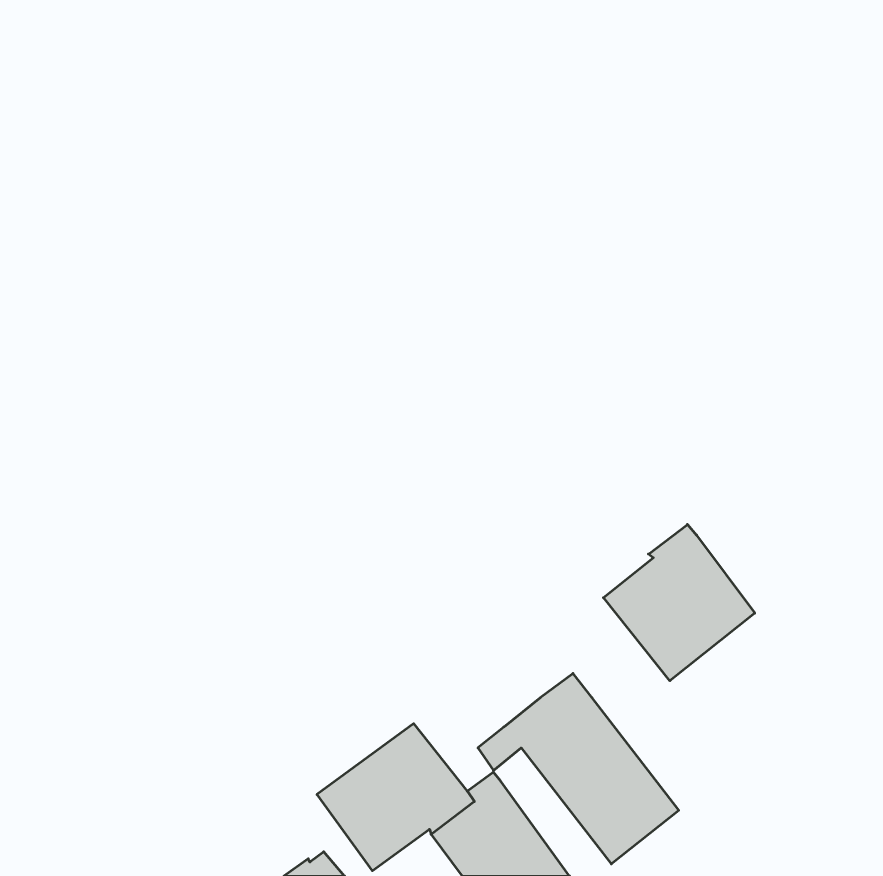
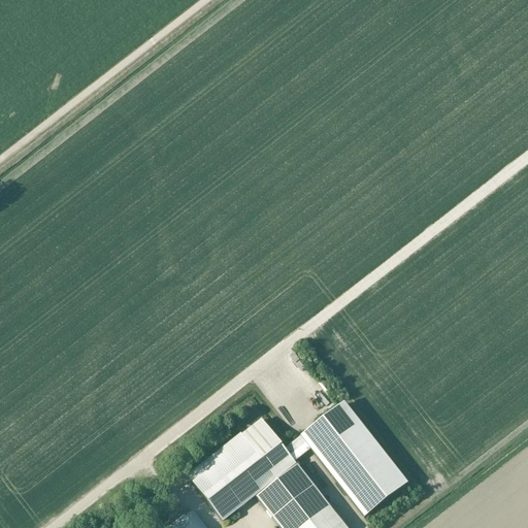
building: [603,524,755,681] -> none
building: none -> [248,419,295,471]

